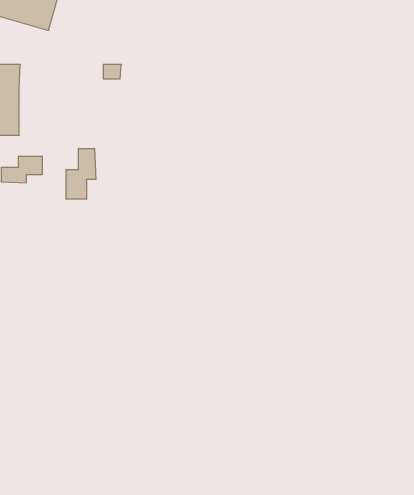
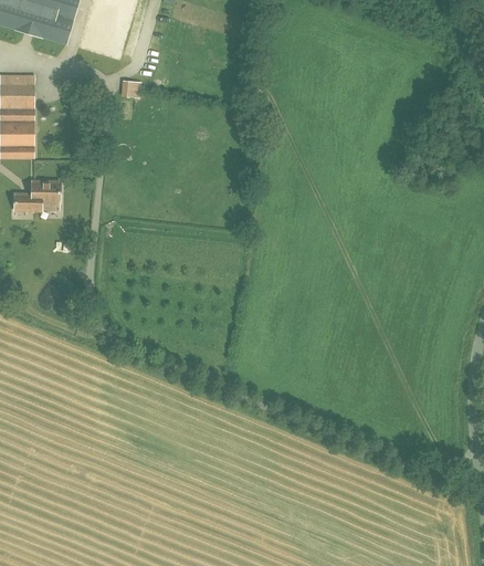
building: [66,148,96,199] -> none

